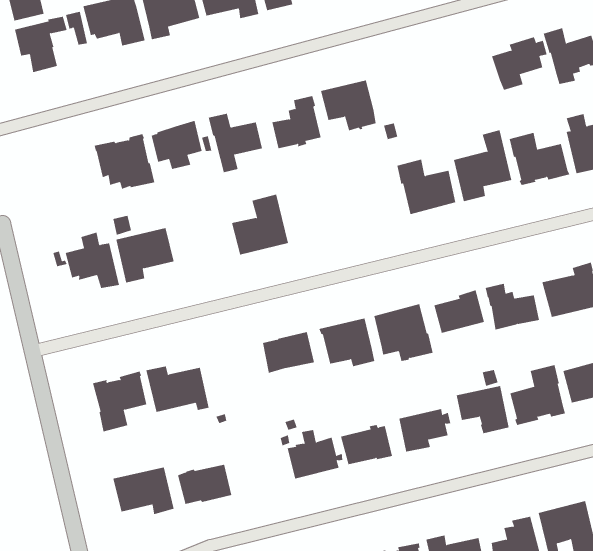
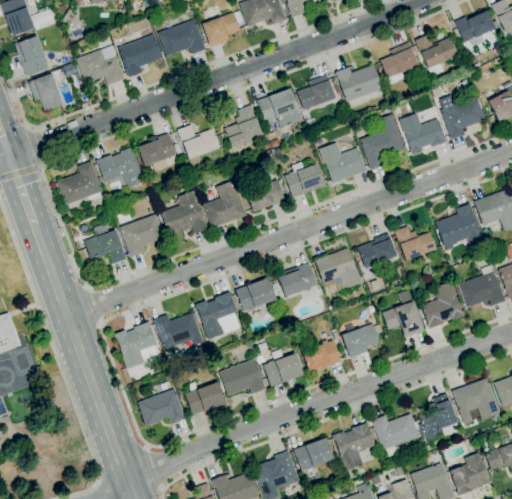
building: none -> [336,65,382,102]
building: none -> [297,75,335,110]
building: none -> [57,161,103,209]
building: none -> [285,162,325,198]
building: none -> [245,180,285,212]
building: none -> [161,191,208,236]
building: none -> [196,292,240,339]
building: none -> [218,359,266,397]

